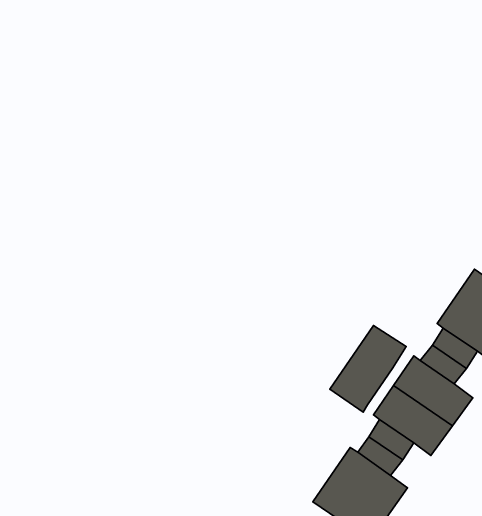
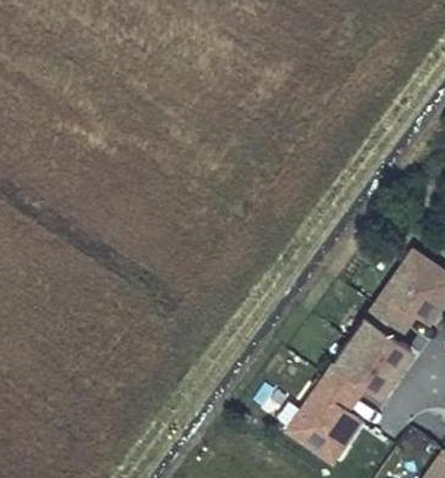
building: [330,325,406,412] -> none

